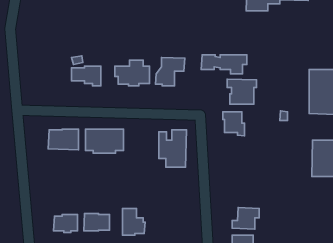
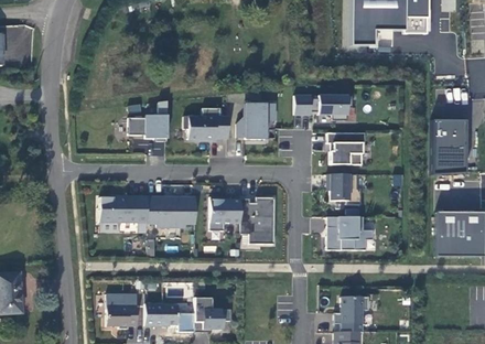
building: none -> [211,195,240,229]
building: none -> [326,216,373,249]

